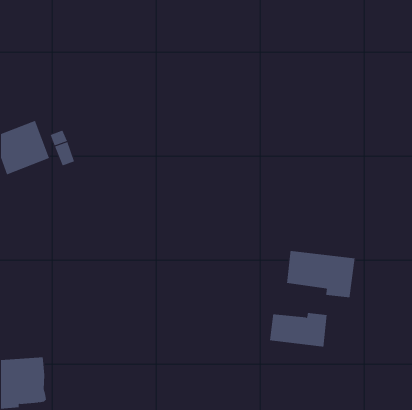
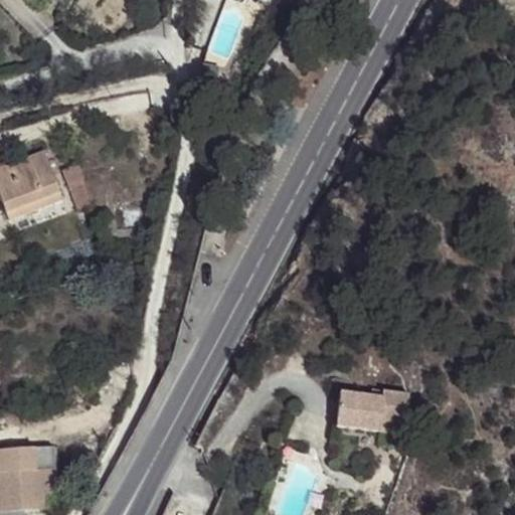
building: [286,250,355,298] -> none

